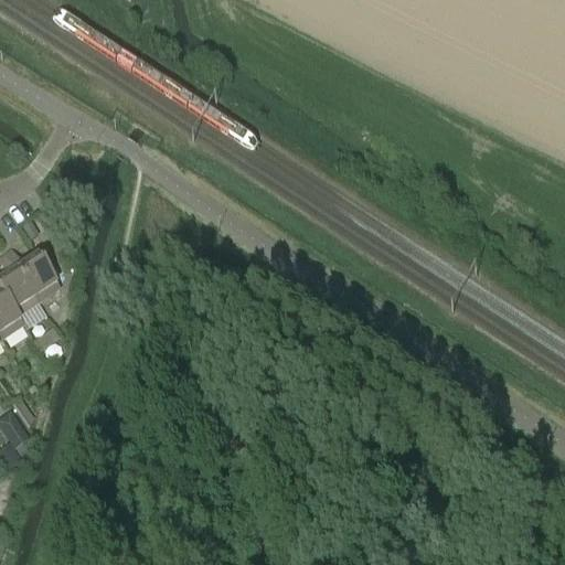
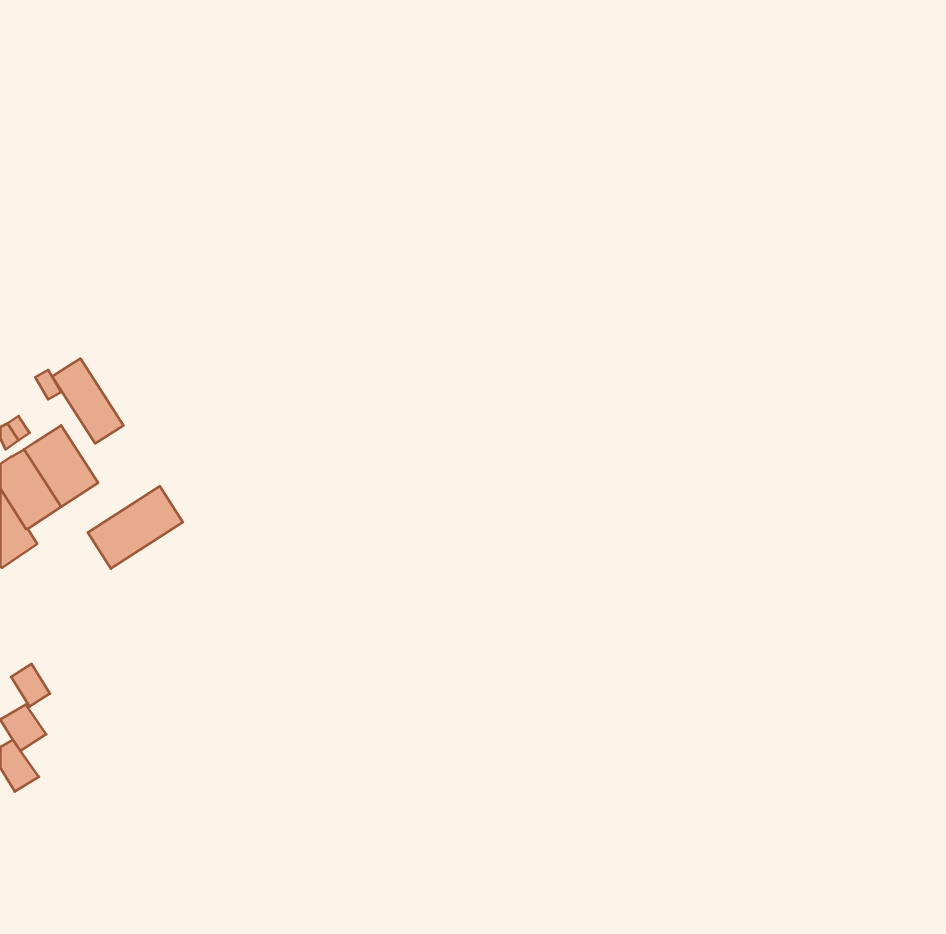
building: none -> [52,359,123,443]
building: none -> [88,486,183,569]

